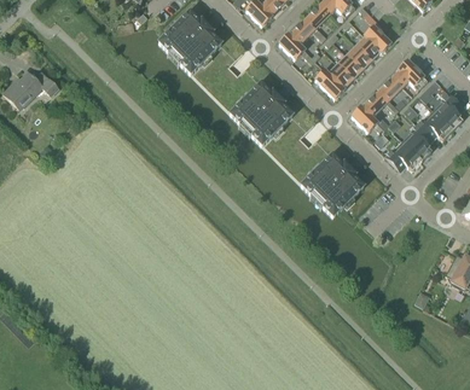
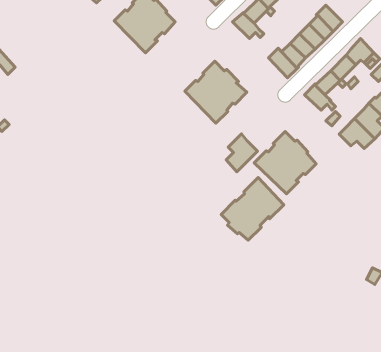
building: none -> [226,134,258,172]
building: none -> [221,178,284,240]

